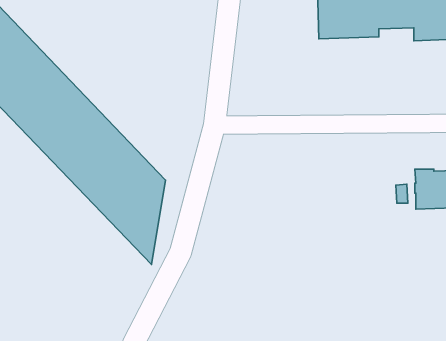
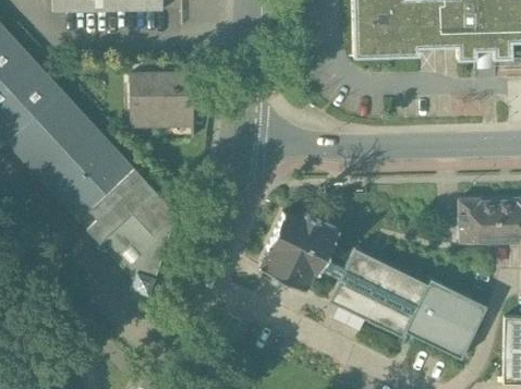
building: none -> [129,62,197,125]
building: none -> [258,212,486,358]

